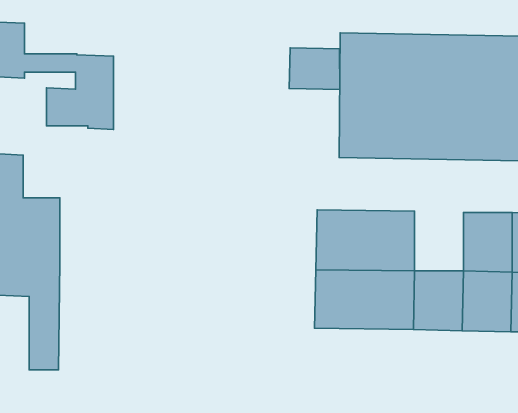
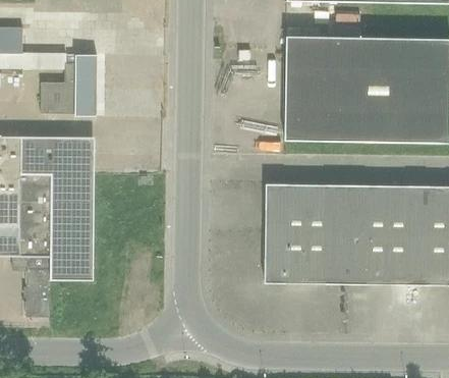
building: [289,48,340,89] -> none
building: none -> [20,138,95,280]
building: none -> [347,184,388,234]

